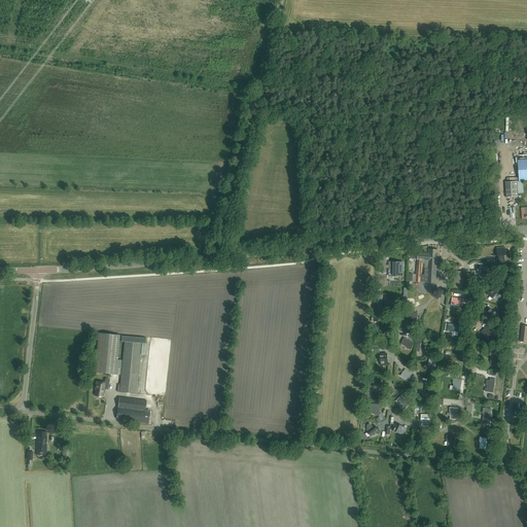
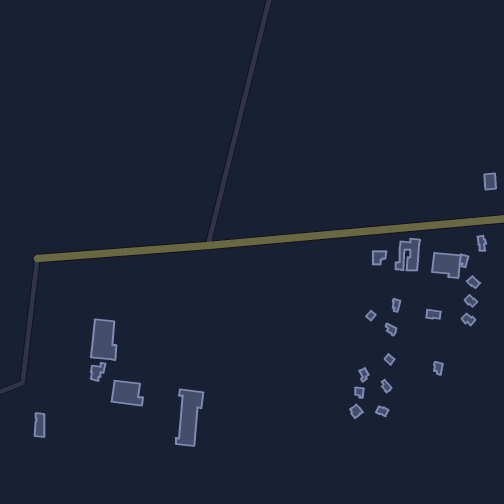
building: none -> [432,253,460,278]
building: [117,336,146,394] -> [176,390,203,446]

